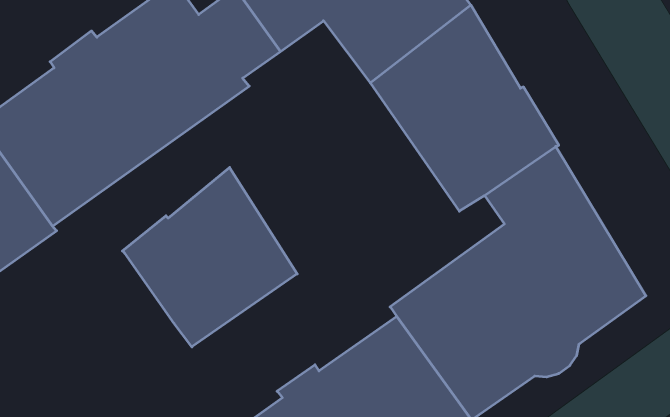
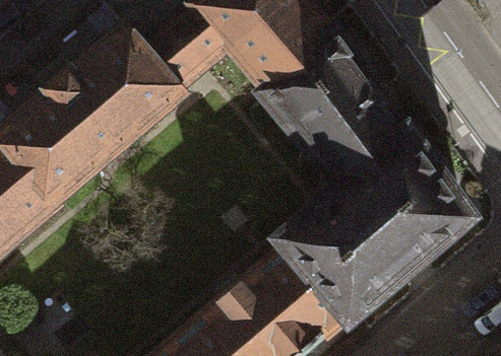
building: [122,167,297,347] -> none

